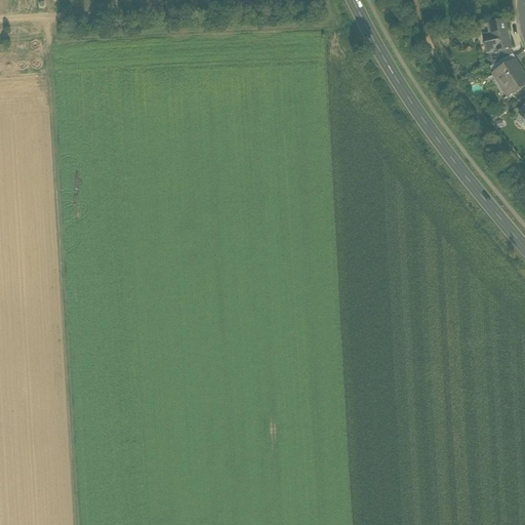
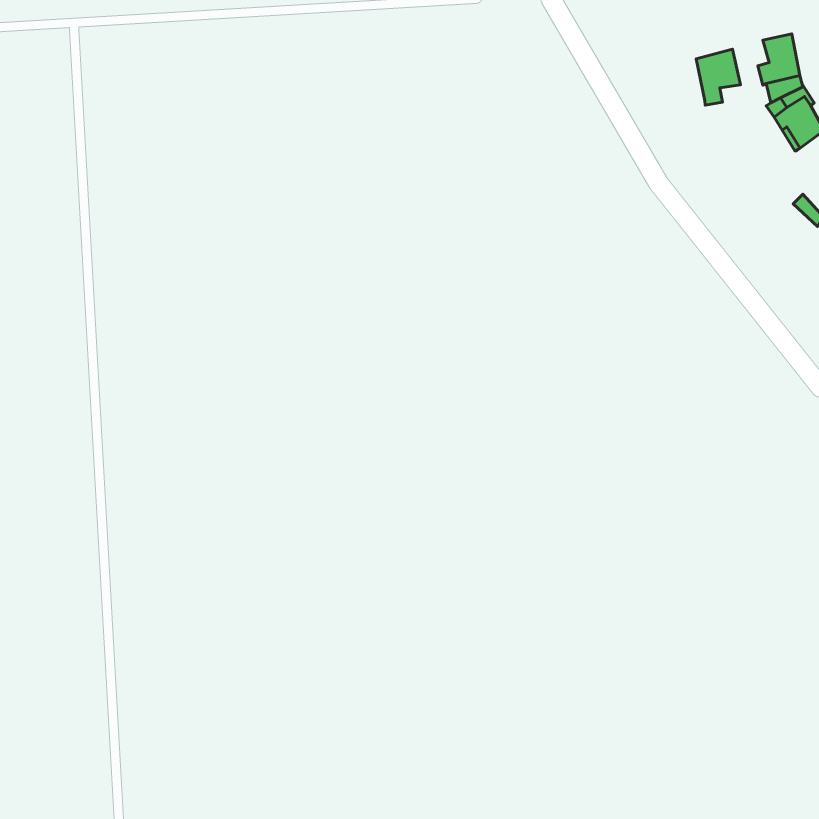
building: none -> [696,49,741,105]

